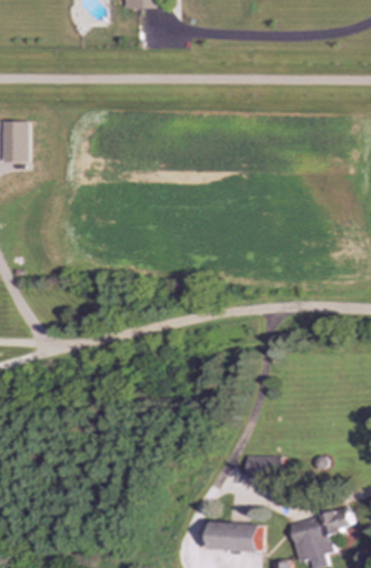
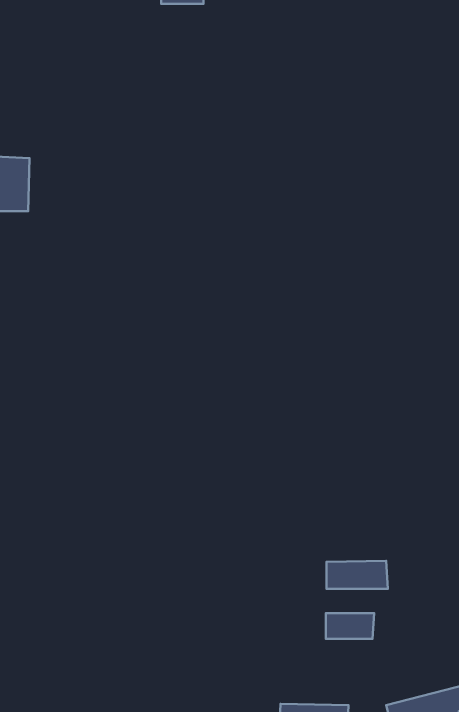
building: none -> [327,561,388,589]

